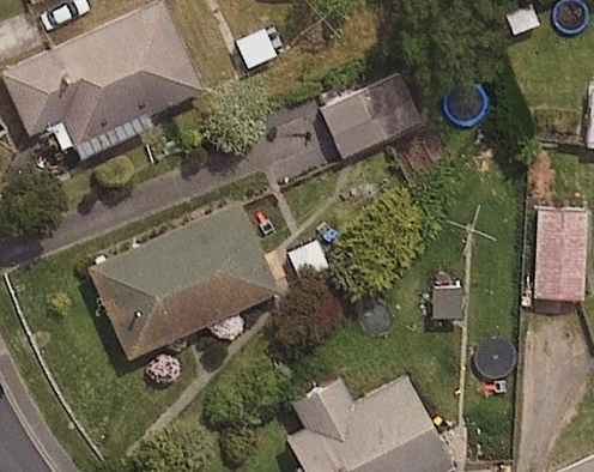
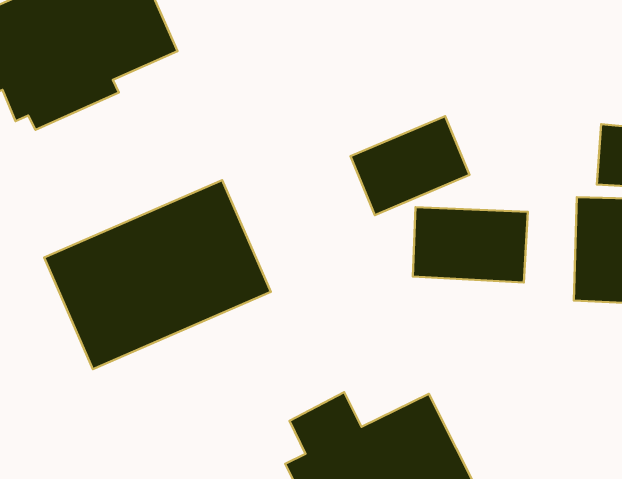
building: [322,78,422,161] -> [350,116,470,215]
building: none -> [413,207,528,283]

